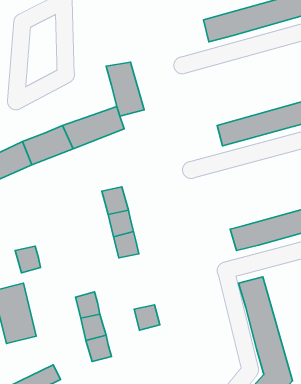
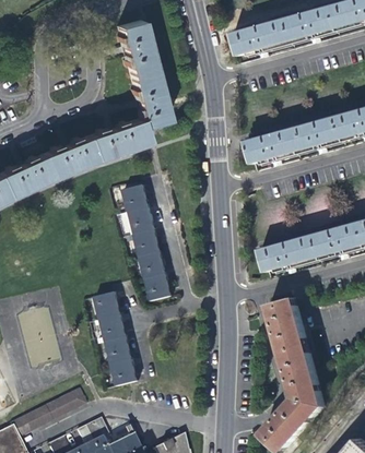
building: none -> [116,22,156,80]
building: none -> [122,182,148,208]
building: [15,246,41,273] -> [93,290,119,318]
building: [134,305,160,330] -> [144,273,170,299]

